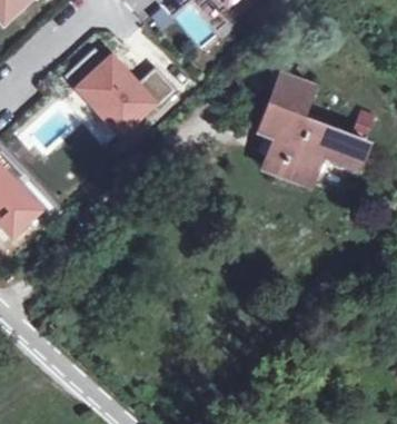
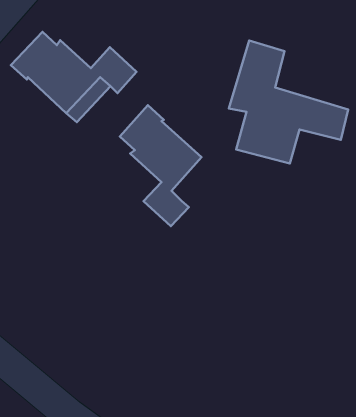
building: none -> [120,105,202,226]

